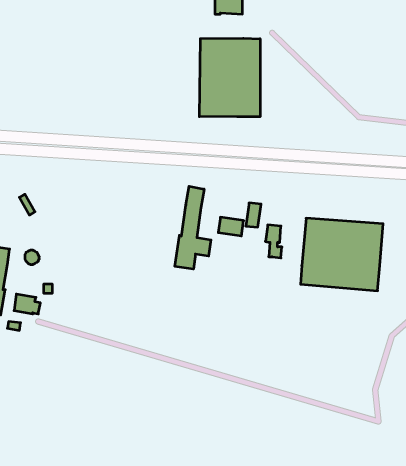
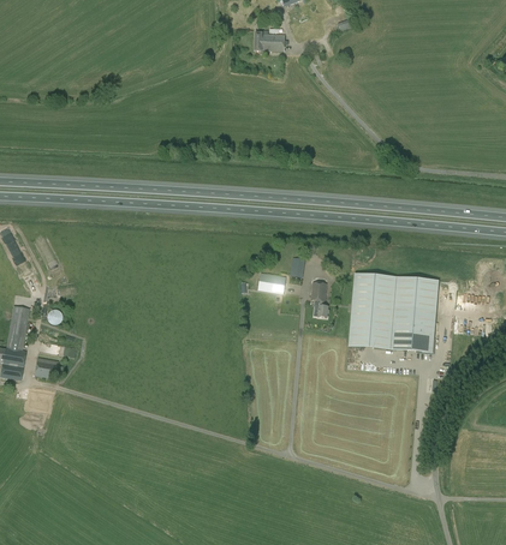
building: [199,38,260,117] -> none
building: [175,186,211,269] -> none

